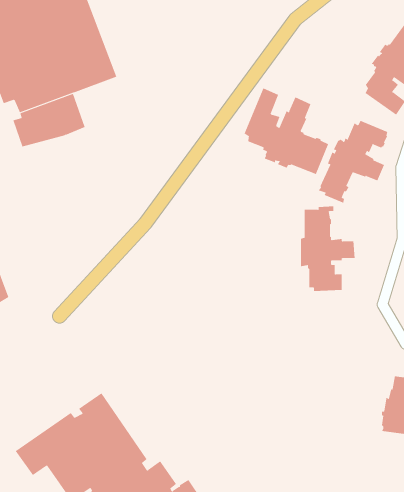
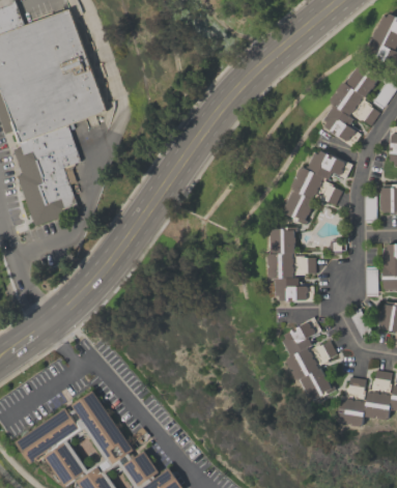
building: [244,87,329,175] -> none
building: none -> [17,164,79,225]
building: none -> [282,317,337,402]

